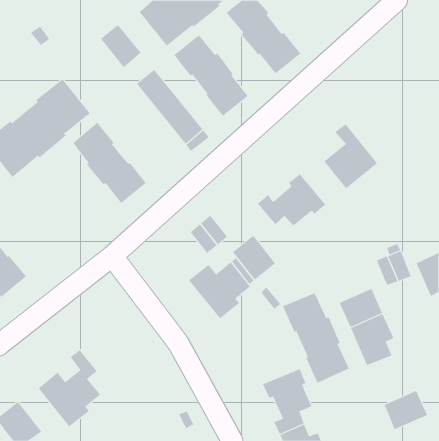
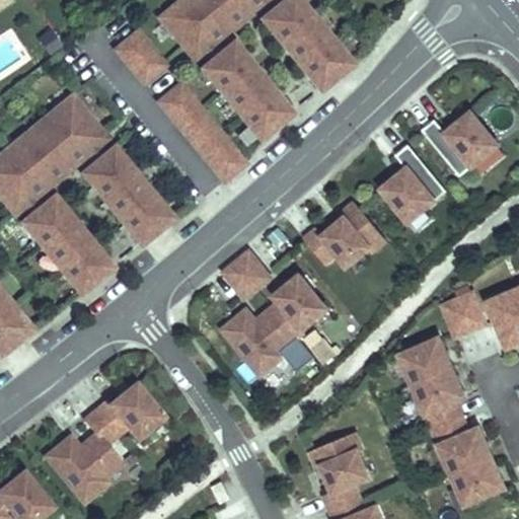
building: none -> [421,114,496,176]
building: none -> [22,194,109,290]
building: [282,293,350,384] -> none
building: none -> [94,383,160,437]
building: none -> [431,418,490,475]

